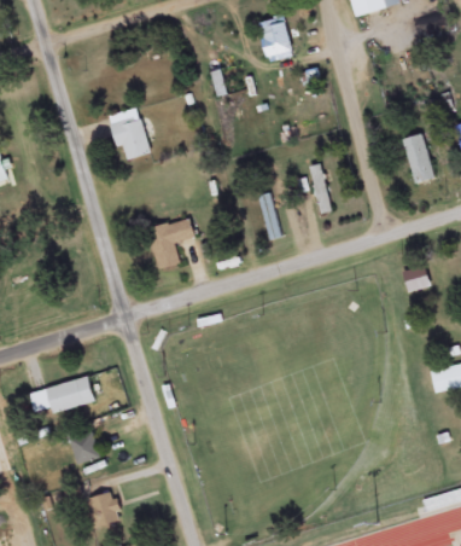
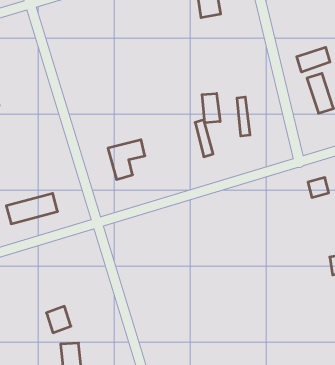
building: none -> [297,47,330,72]
building: [109,112,150,162] -> none
building: none -> [202,93,220,123]
building: [29,377,94,416] -> [6,193,58,224]

